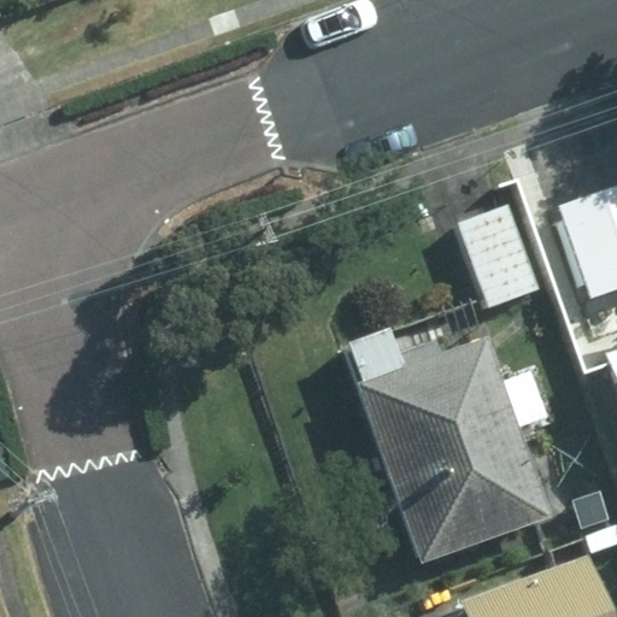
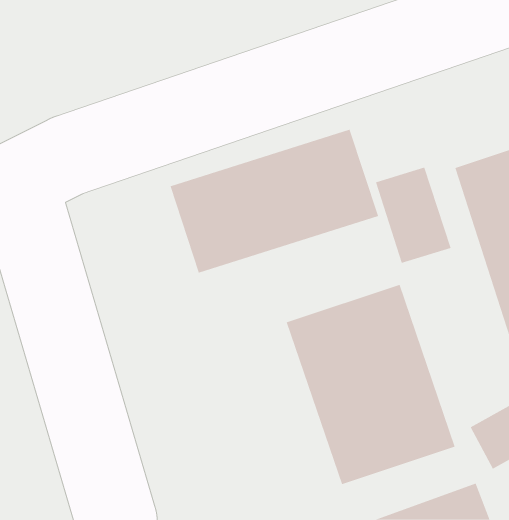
building: none -> [170,129,379,274]

